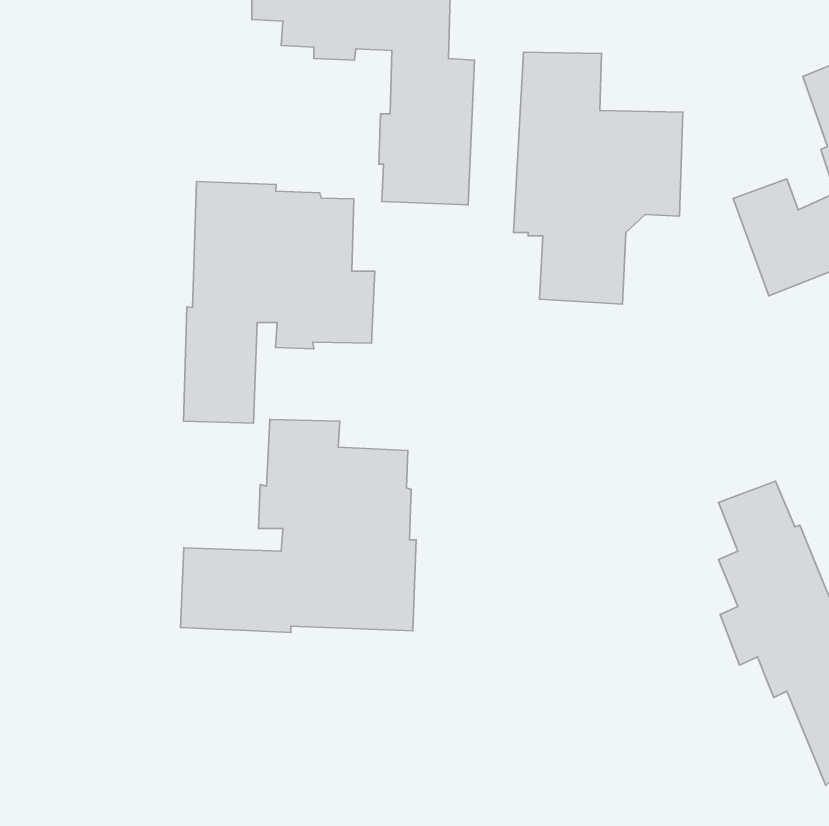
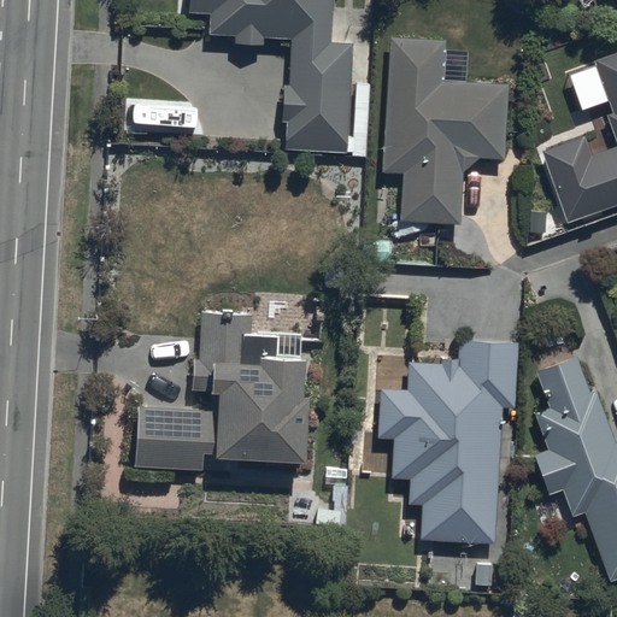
building: [184,182,375,423] -> none
building: none -> [380,339,518,543]

